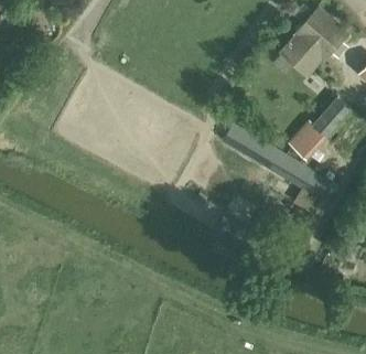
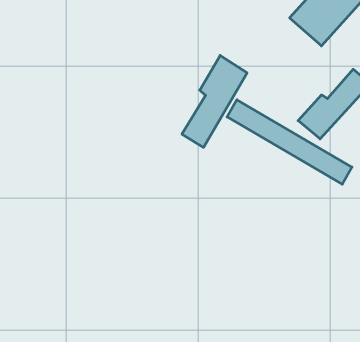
building: none -> [182,55,247,147]

